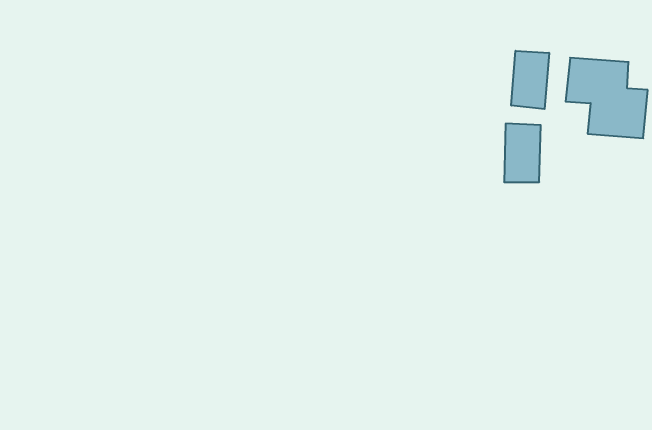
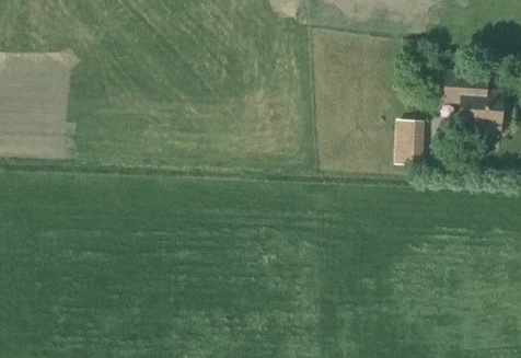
building: [511,51,549,109] -> none

